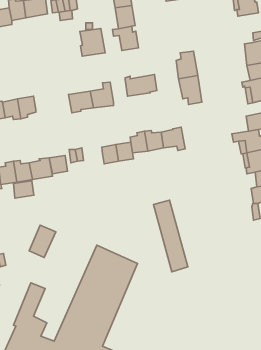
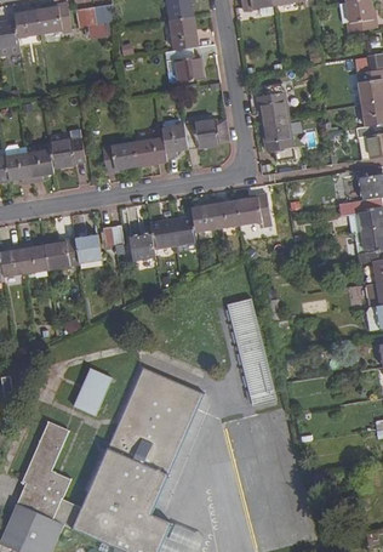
building: [80,29,105,56] -> none
building: none -> [161,125,187,158]
building: none -> [48,129,84,169]
building: none -> [127,233,154,261]
building: [13,181,34,198] -> none
building: [29,225,56,258] -> [72,368,110,415]

